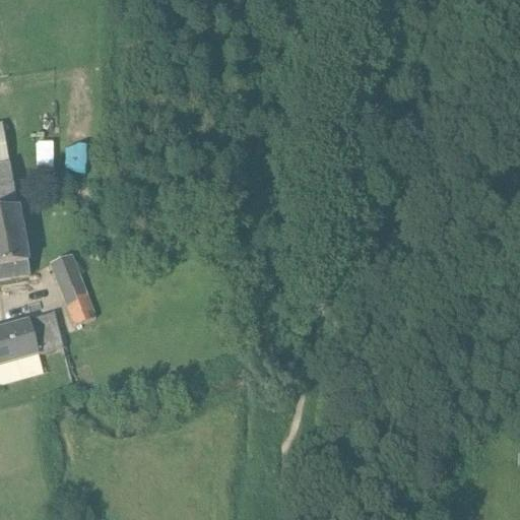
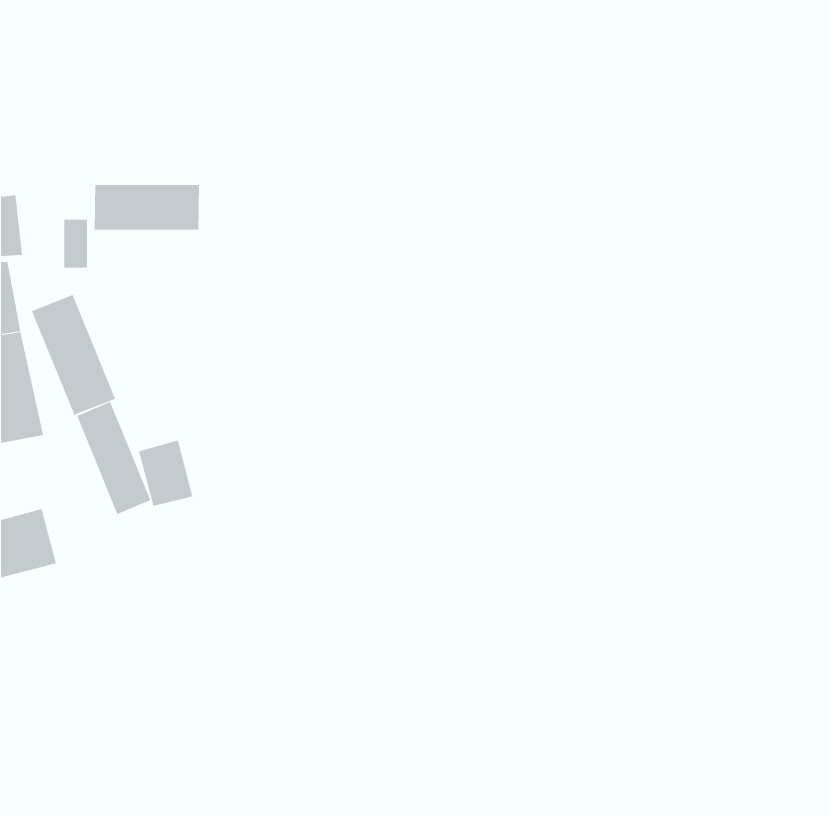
building: none -> [94,184,200,230]
building: none -> [31,294,116,415]
building: [26,311,61,352] -> [138,440,193,506]

